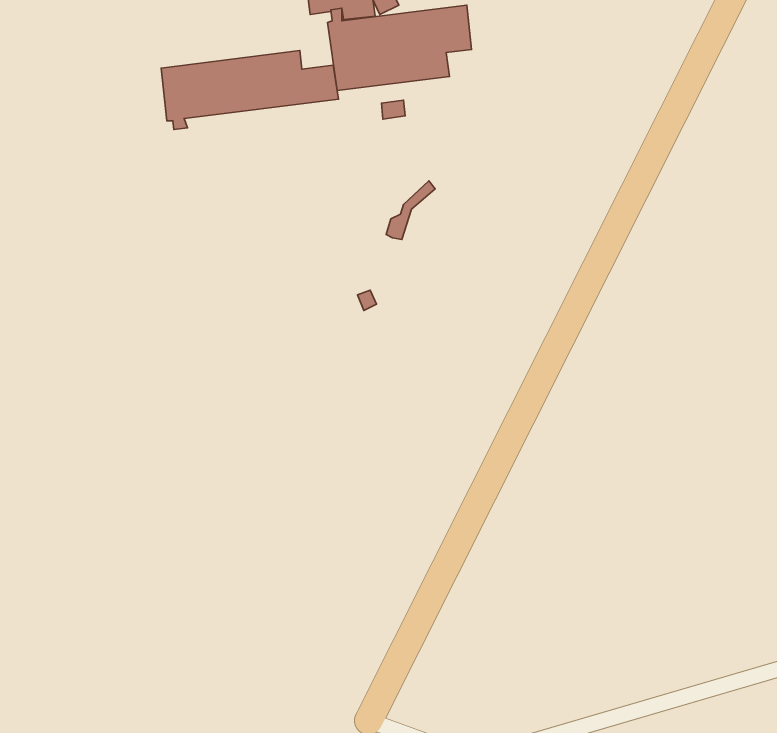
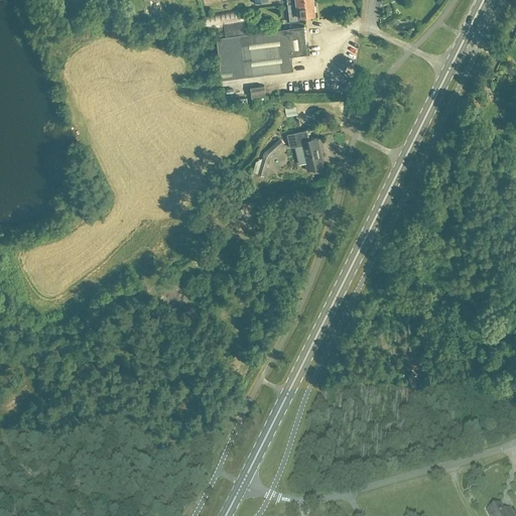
building: [161,51,338,130] -> none
building: none -> [287,130,324,170]

